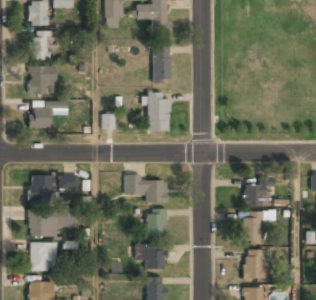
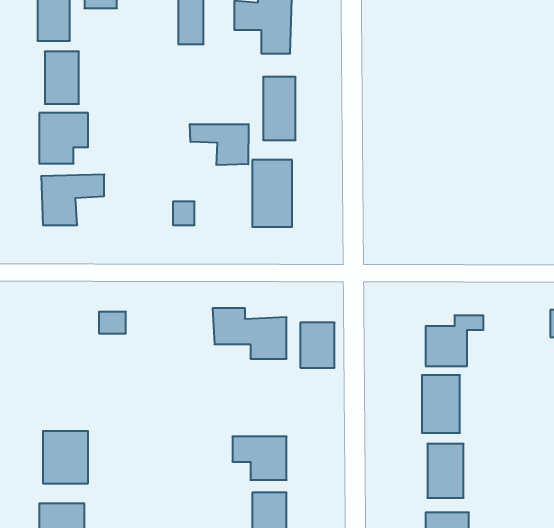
building: none -> [190,124,249,165]
building: [29,175,54,202] -> none
building: [147,209,166,234] -> [300,323,335,368]
building: [29,211,76,237] -> none

